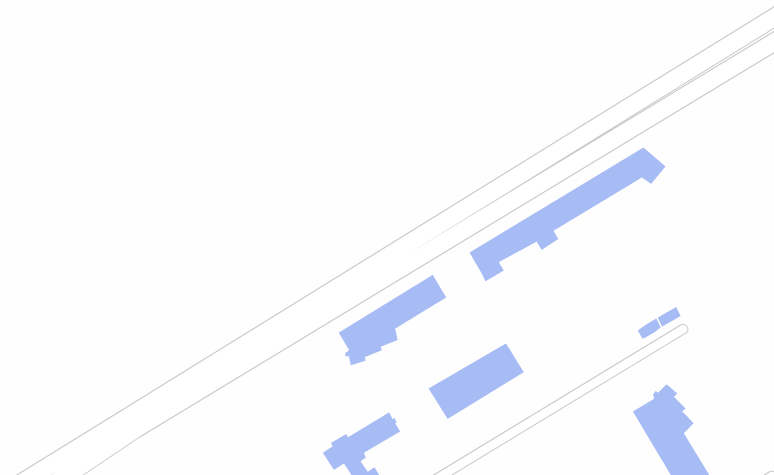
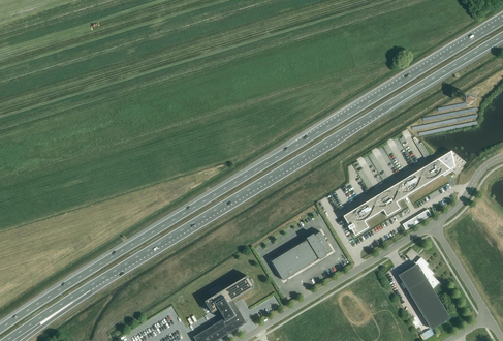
building: [469,147,666,282] -> [341,150,465,235]
building: [338,274,447,366] -> none

